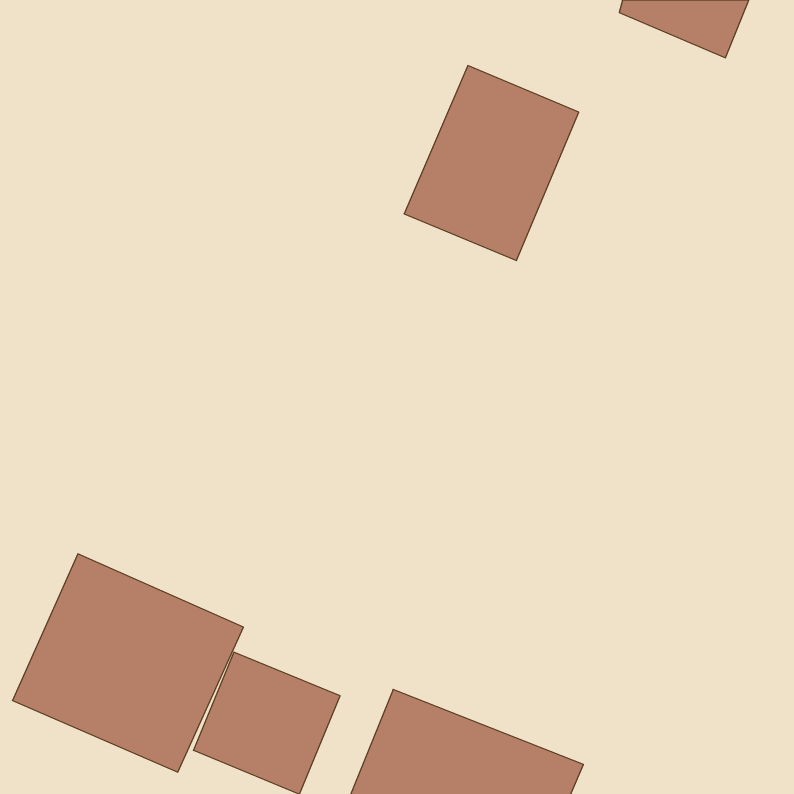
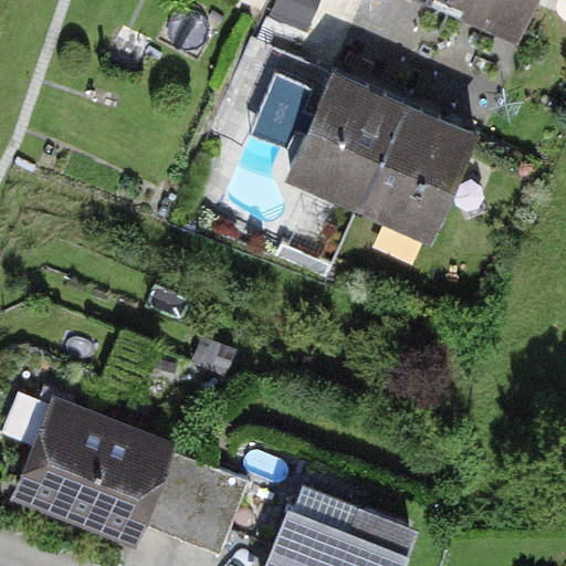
building: none -> [366,82,489,220]

